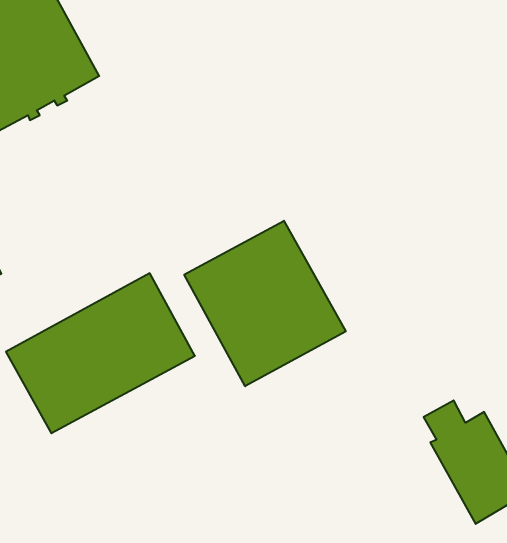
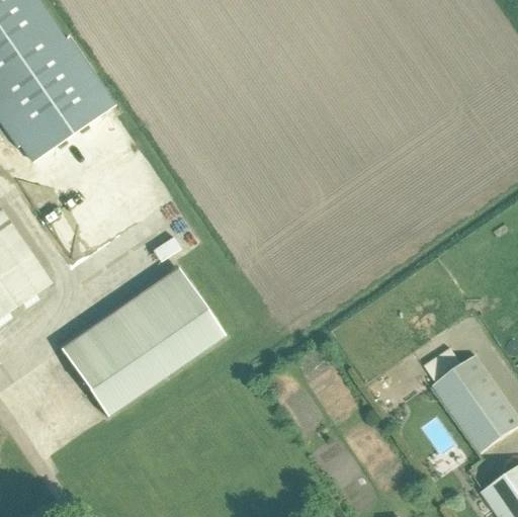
building: [184,221,346,386] -> none

